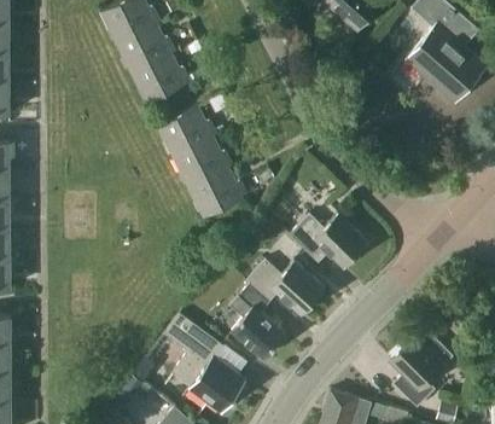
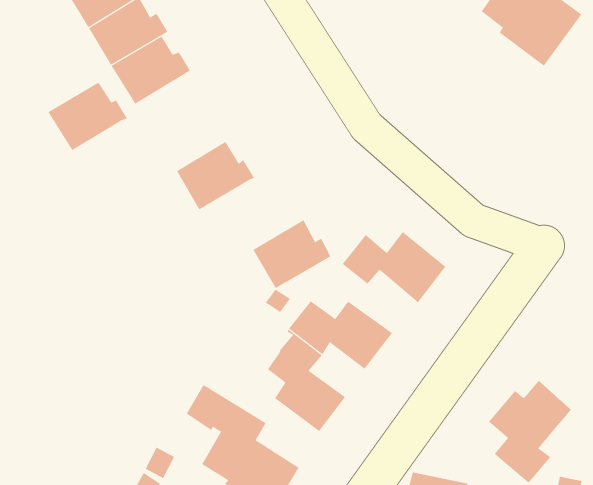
building: [158,106,217,156] -> [47,82,128,151]
building: [188,167,246,216] -> [253,220,331,289]

